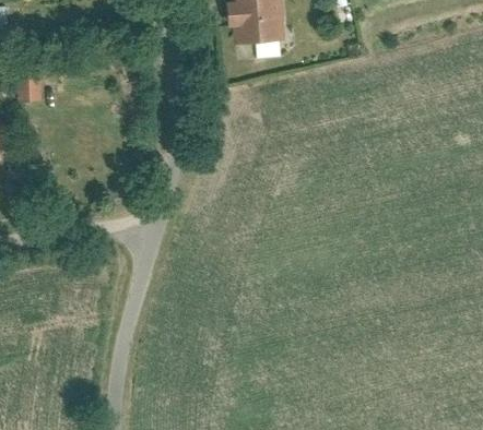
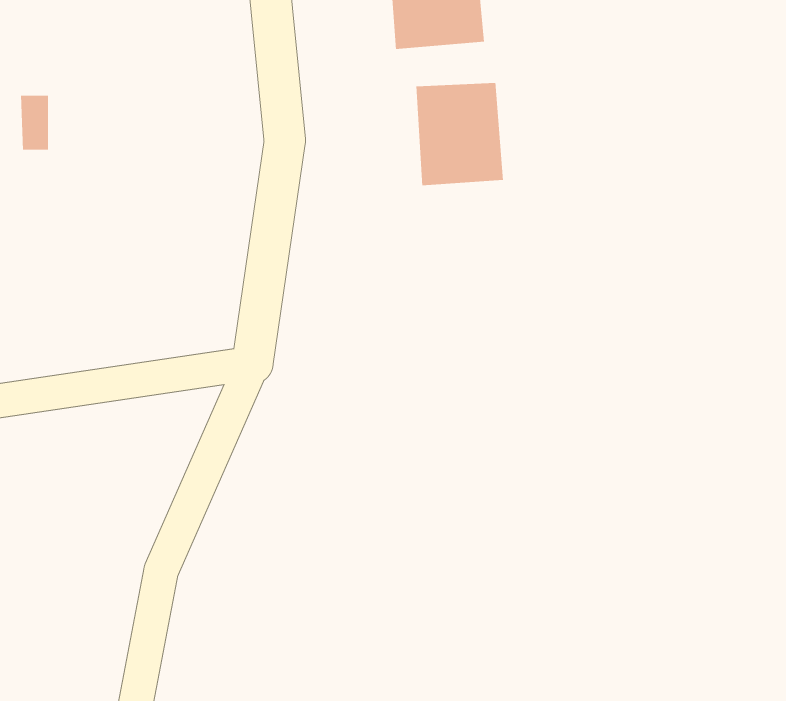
building: none -> [416,82,503,186]

